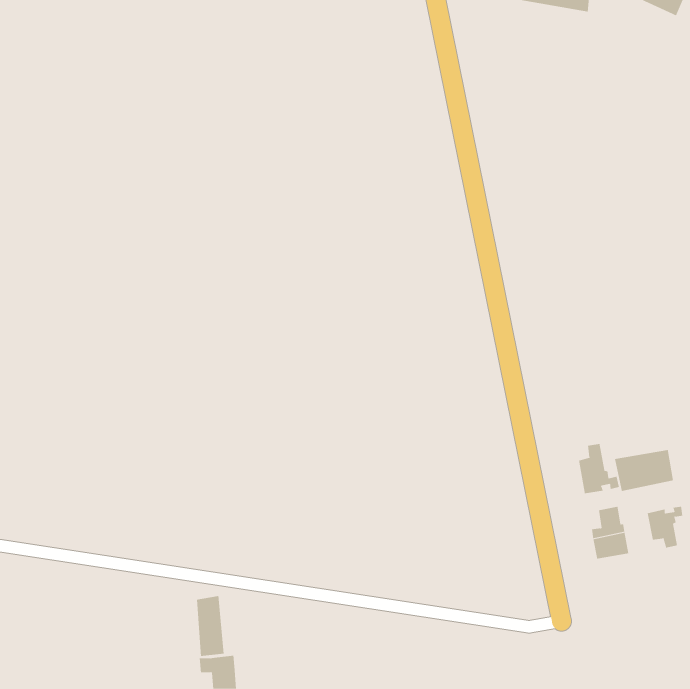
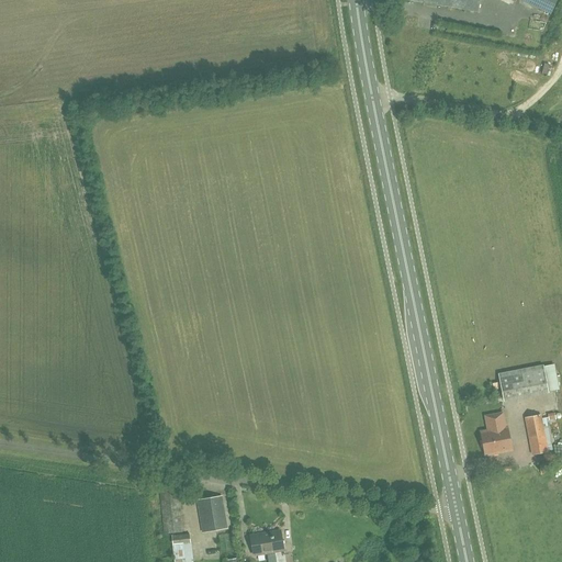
building: [578,443,619,494] -> none
building: none -> [196,494,226,530]
building: none -> [250,529,283,553]

